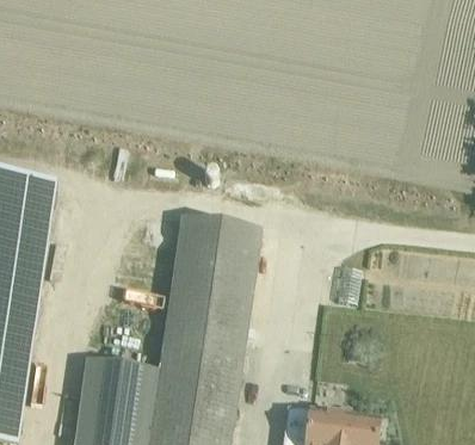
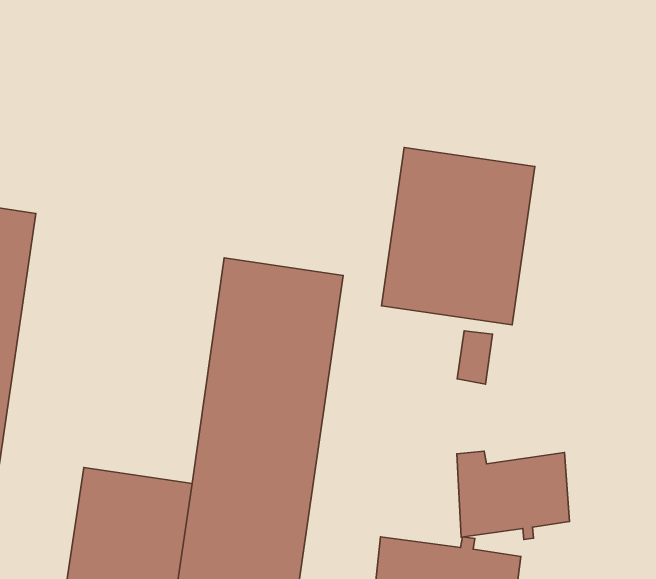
building: none -> [382,147,535,325]
building: none -> [457,451,569,539]

